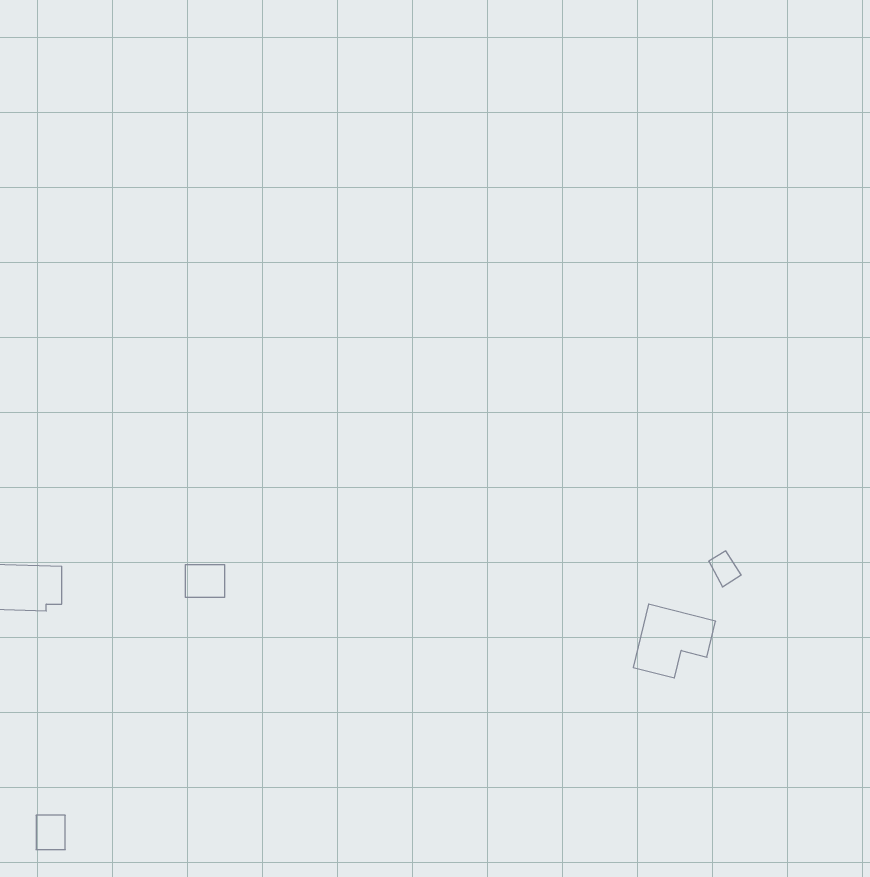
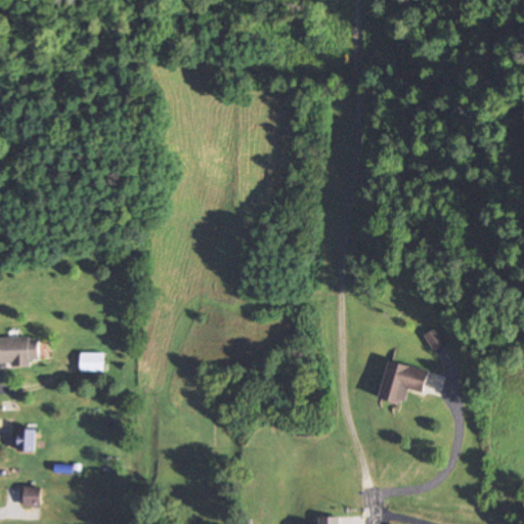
building: [185,565,225,597] -> [78,352,101,372]
building: none -> [16,429,33,451]

